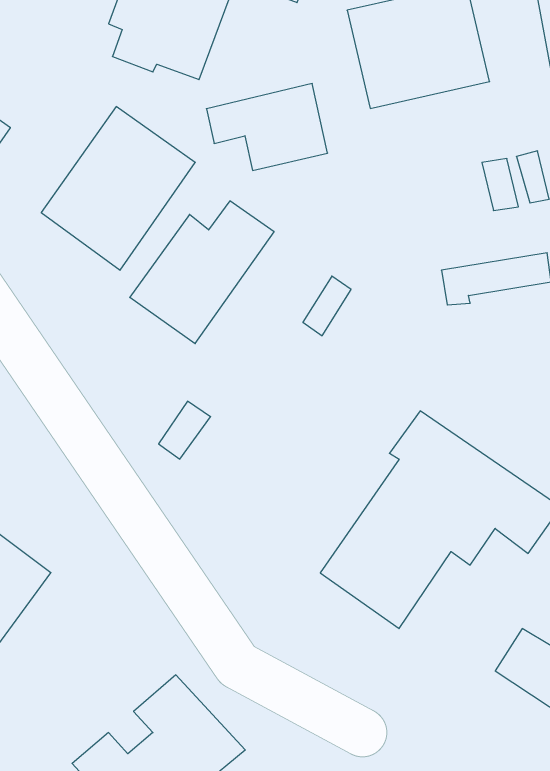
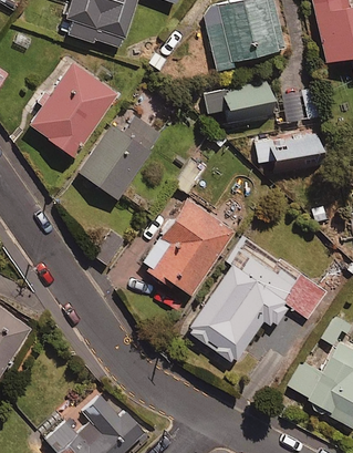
building: [206,84,328,170] -> [206,79,276,128]
building: none -> [143,198,235,296]

